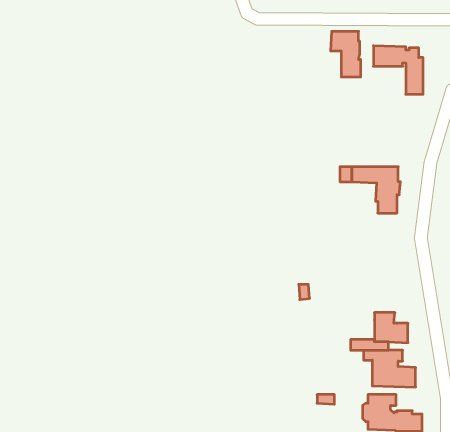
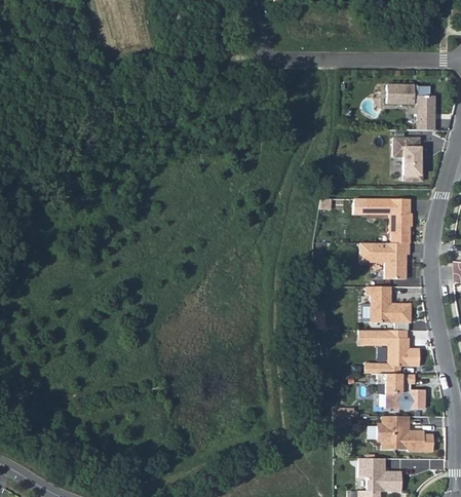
building: [331,31,361,77] -> [393,138,422,181]
building: none -> [360,242,410,279]
building: none -> [367,286,412,322]
building: none -> [358,330,388,345]

